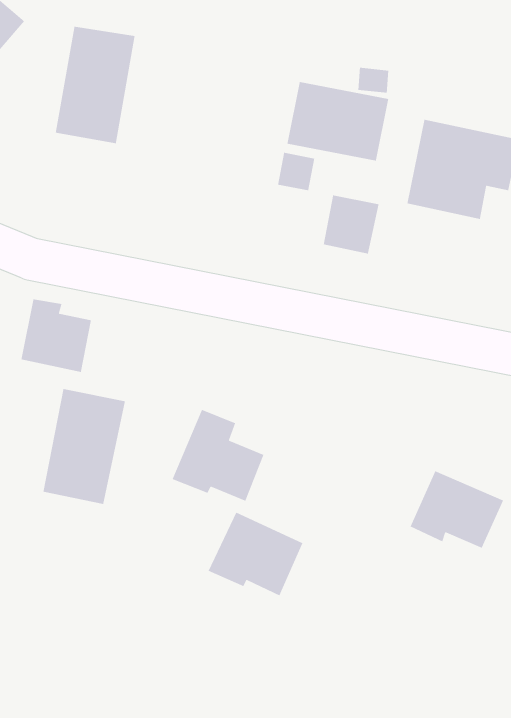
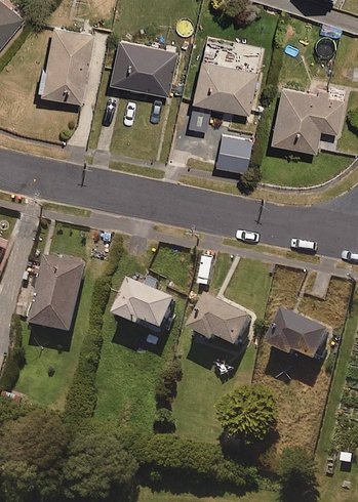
building: none -> [107,38,175,95]
building: [20,299,92,373] -> none
building: [207,511,304,597] -> [192,296,254,351]

